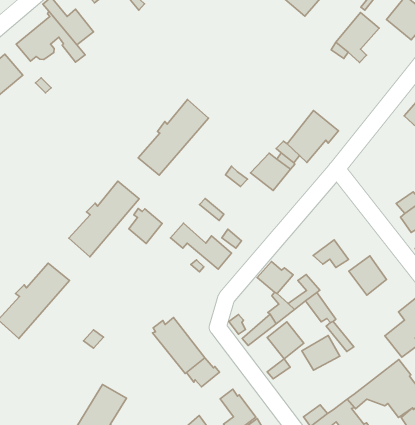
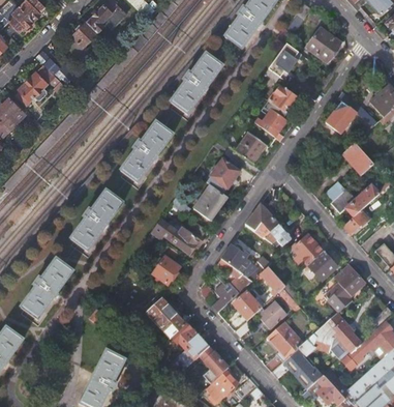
building: none -> [171,54,222,115]
building: none -> [269,85,298,114]
building: none -> [254,110,286,141]
building: none -> [193,184,225,220]
building: [129,208,162,243] -> [153,257,179,284]
building: none -> [244,201,278,237]
building: none -> [307,252,336,281]
building: none -> [268,321,303,357]
building: none -> [178,335,208,366]

